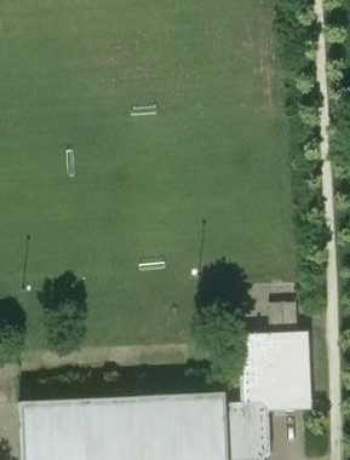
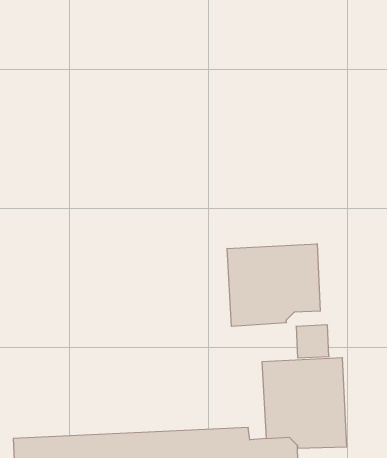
building: none -> [227,244,320,326]

